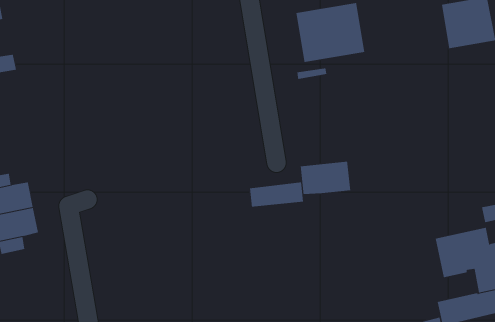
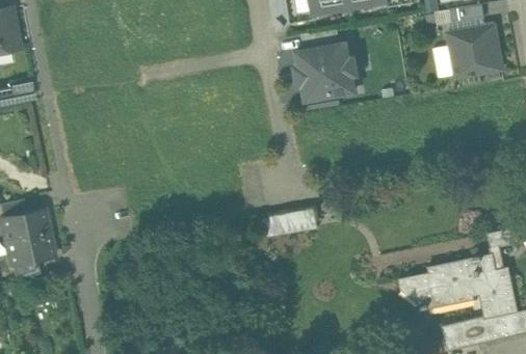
building: [300,161,351,195] -> none
building: none -> [399,265,449,309]

